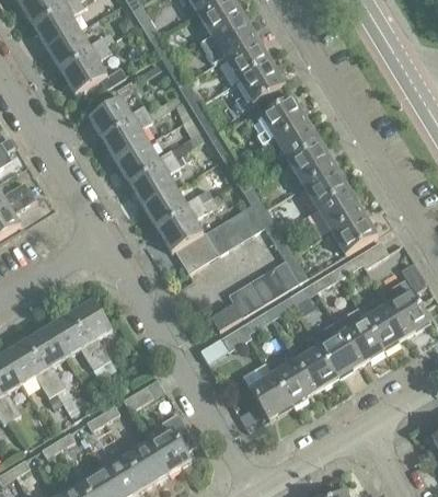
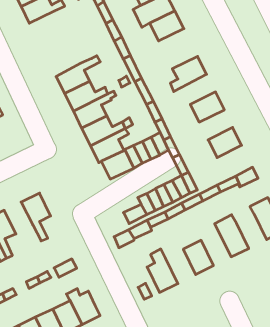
building: [60,44,112,94] -> none
building: [234,60,285,111] -> none
building: [89,96,149,140] -> none
building: [274,119,321,162] -> none
building: [302,165,348,208] -> none
building: [331,211,377,255] -> none
building: [365,303,407,350] -> none
building: [48,314,102,370] -> none
building: [312,321,361,378] -> none
building: [273,359,315,406] -> none

